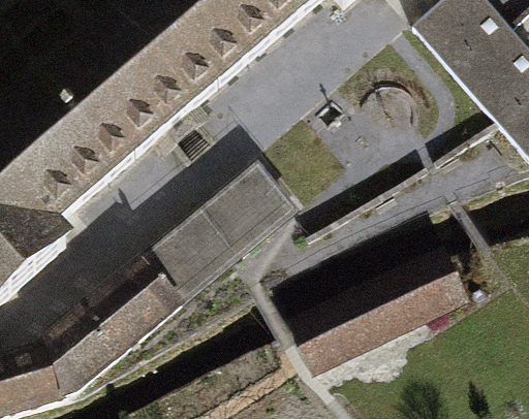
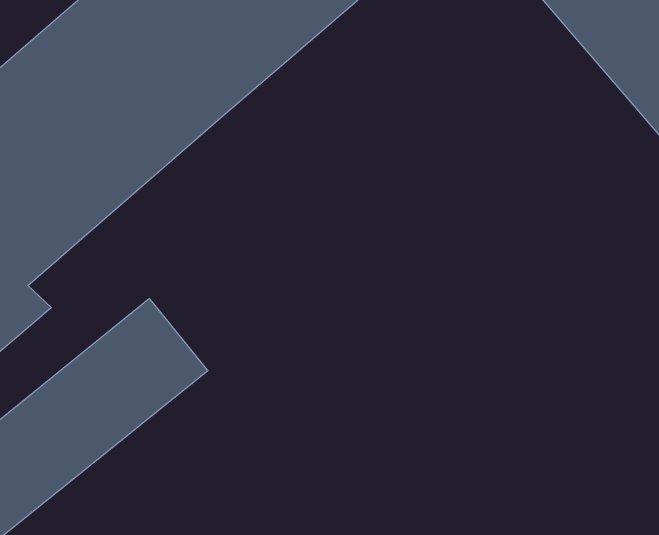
building: [151,159,308,299] -> none
building: [294,253,465,366] -> none

